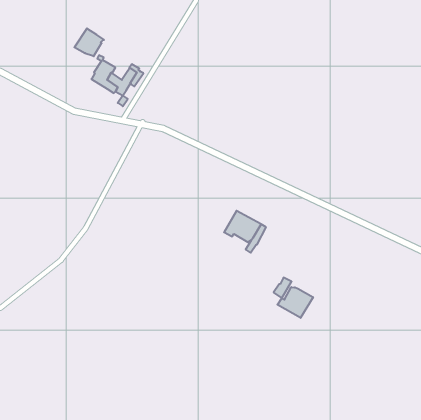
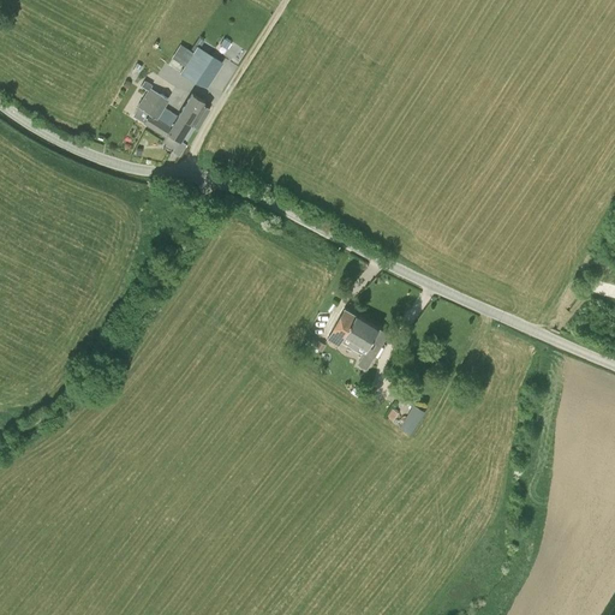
building: [74,28,104,56] -> [179,47,222,88]
building: [277,287,313,318] -> none

